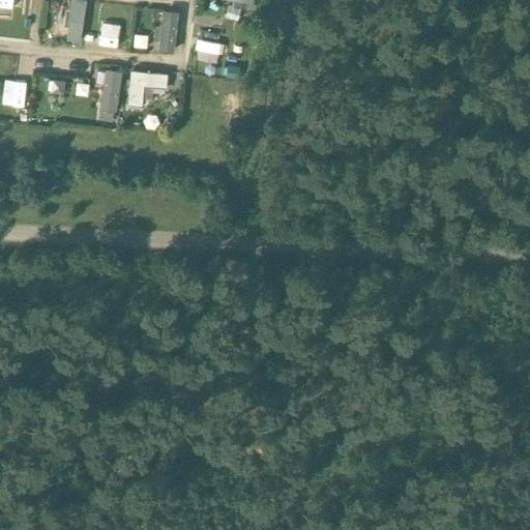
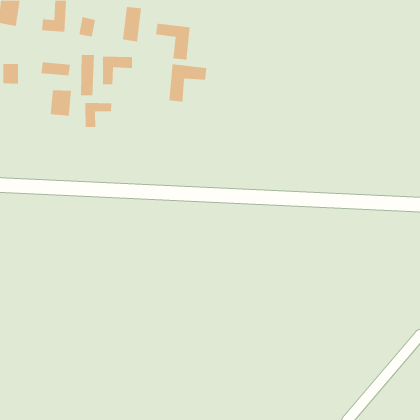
building: none -> [169,64,207,103]
building: none -> [50,90,71,116]
building: none -> [85,102,112,128]

